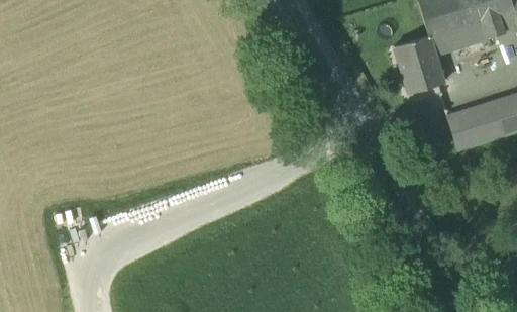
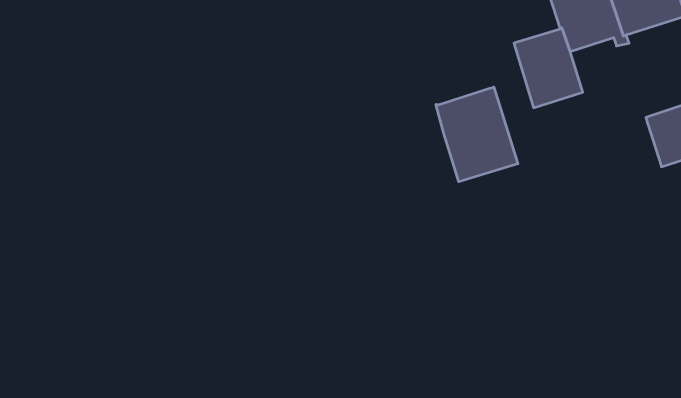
building: none -> [436,87,518,182]
building: [449,105,502,150] -> none

